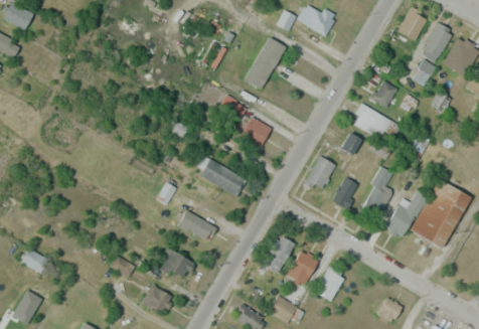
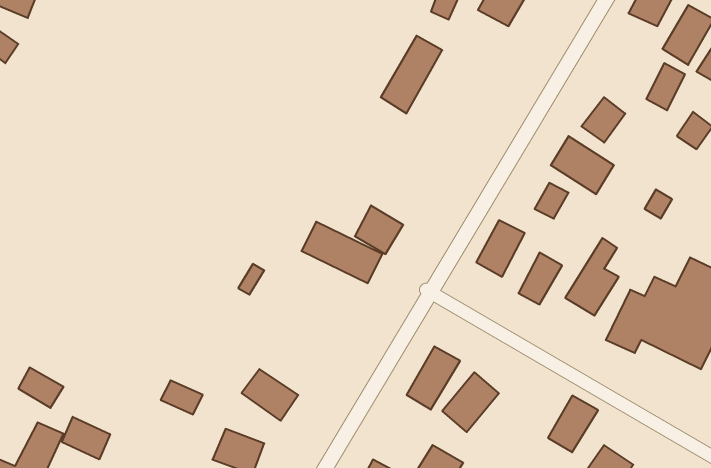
building: [242,116,272,146] -> [355,205,403,254]
building: [177,208,214,242] -> none
building: [315,266,346,301] -> [548,396,598,452]
building: none -> [62,417,110,459]

